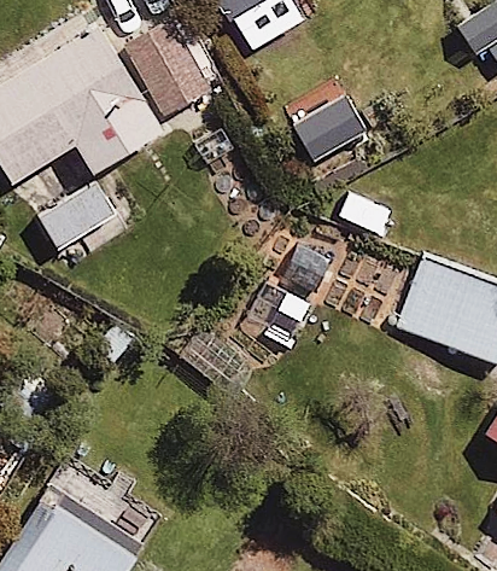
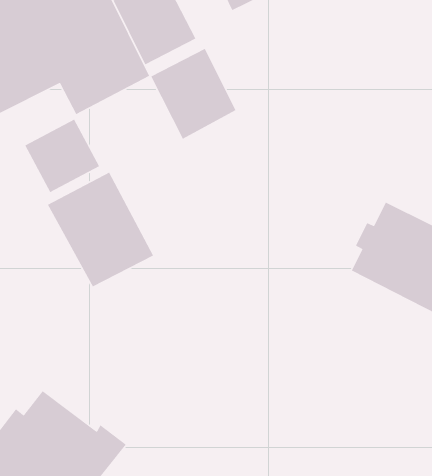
building: none -> [150,48,237,140]
building: none -> [47,171,154,288]

